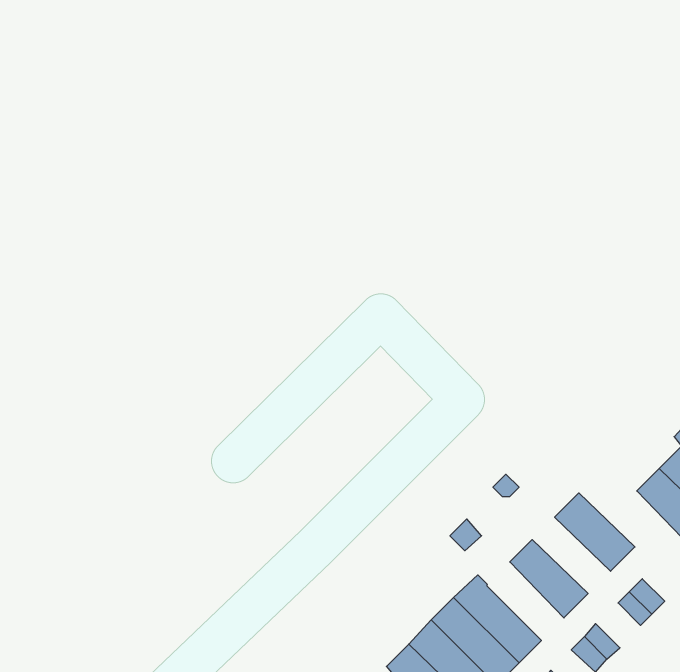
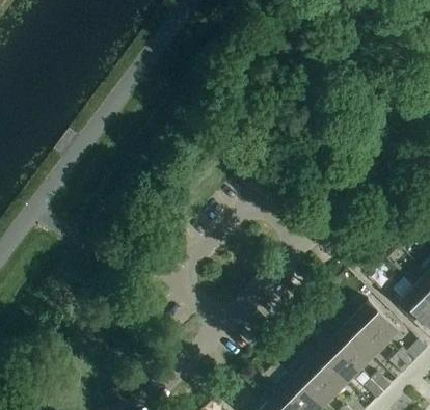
building: none -> [342,315,385,357]
building: none -> [317,339,359,383]

